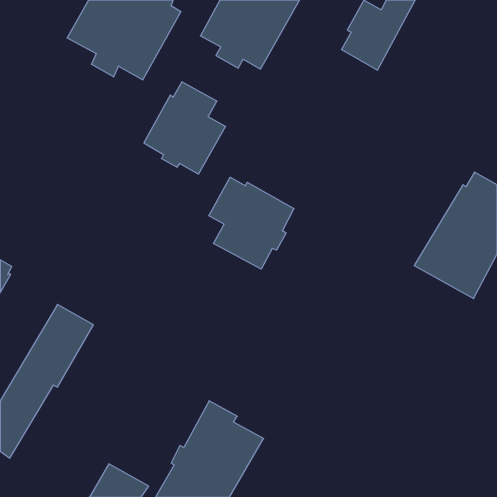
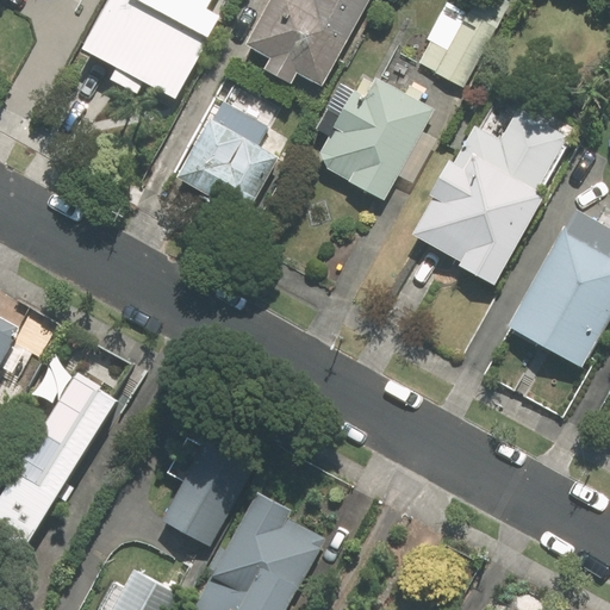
building: none -> [316,80,432,200]
building: none -> [412,108,569,284]
building: [209,177,294,269] -> none
building: none -> [161,432,257,546]

